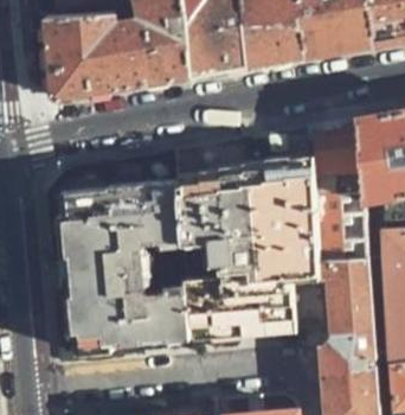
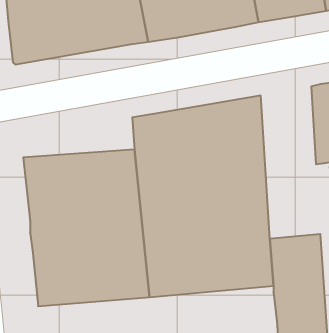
building: [307,123,368,281] -> none

